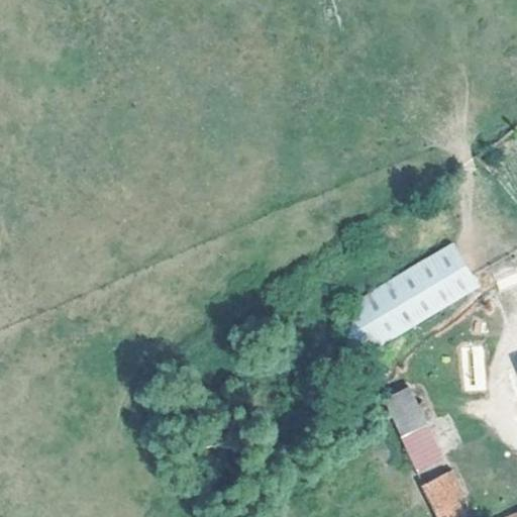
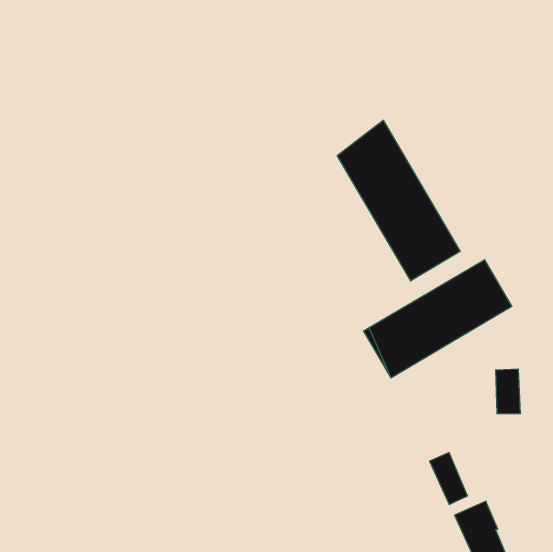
building: none -> [337,120,460,281]
building: [384,384,425,431] -> none

